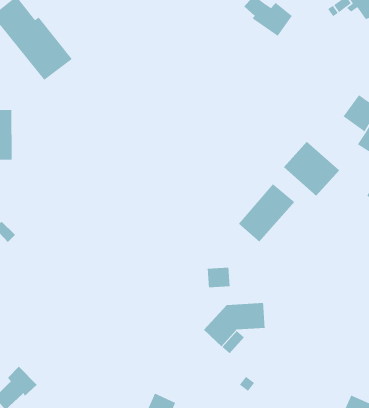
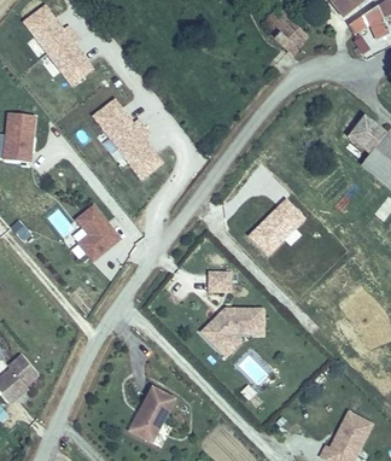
building: none -> [86,92,161,176]
building: [283,141,340,196] -> none
building: none -> [66,197,118,257]

